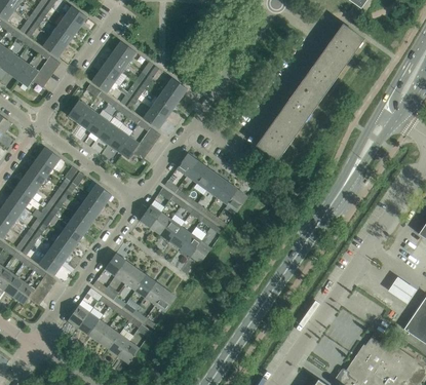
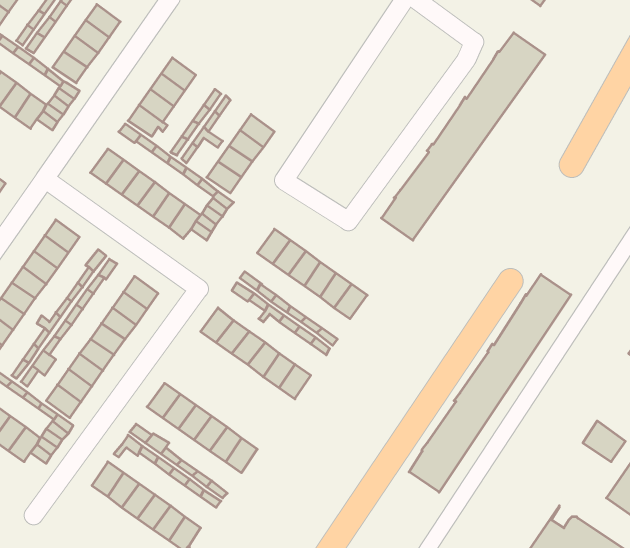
building: none -> [409,274,571,492]

